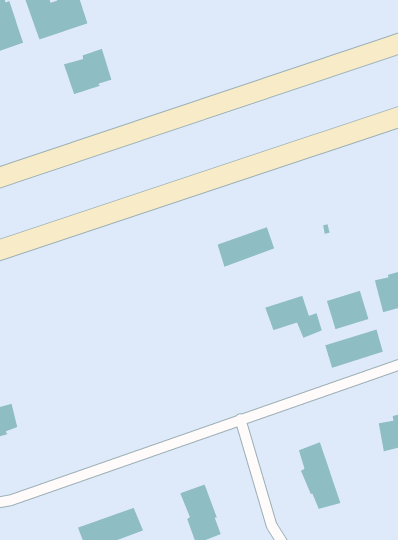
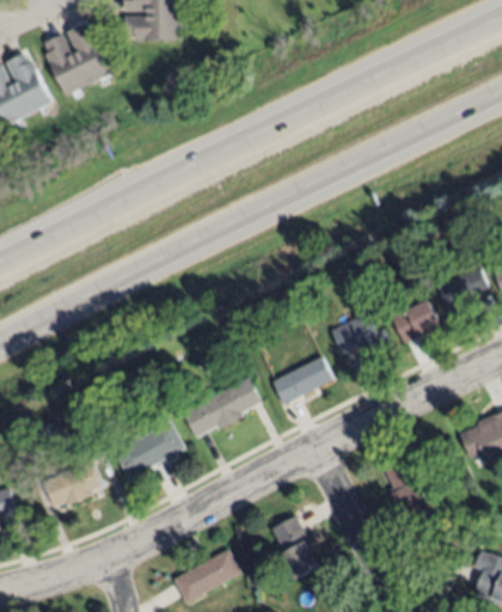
building: [63,48,112,95] -> none
building: [216,226,275,268] -> [273,357,332,405]
building: [324,328,384,369] -> none
building: none -> [182,378,261,437]
building: none -> [115,423,184,479]

